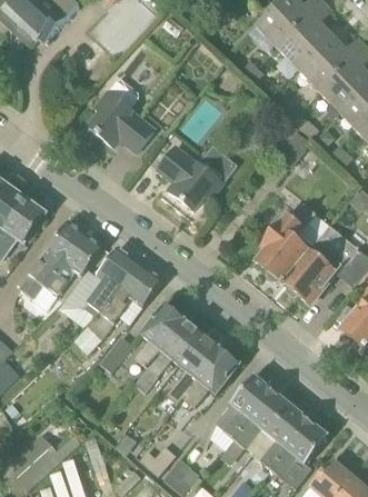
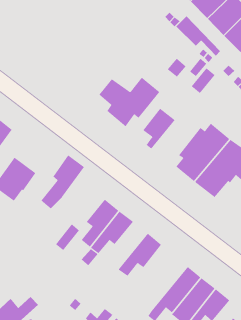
building: none -> [175,16,221,57]
building: [87,78,153,150] -> none
building: none -> [143,108,175,150]
building: [47,219,102,275] -> none
building: [74,261,162,352] -> none
building: [167,332,220,401] -> none
building: [209,375,272,448] -> none

